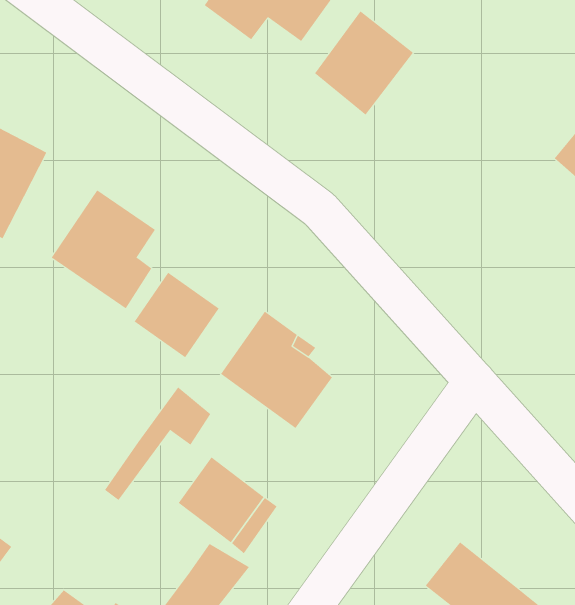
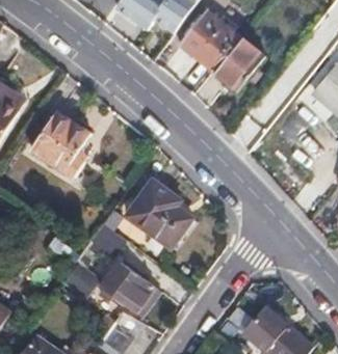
building: none -> [208,34,264,91]
building: [134,272,219,358] -> none

